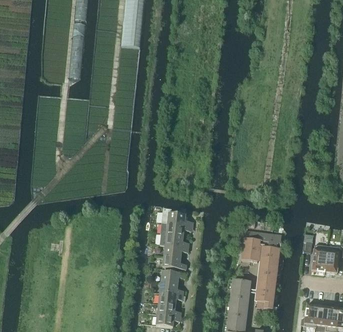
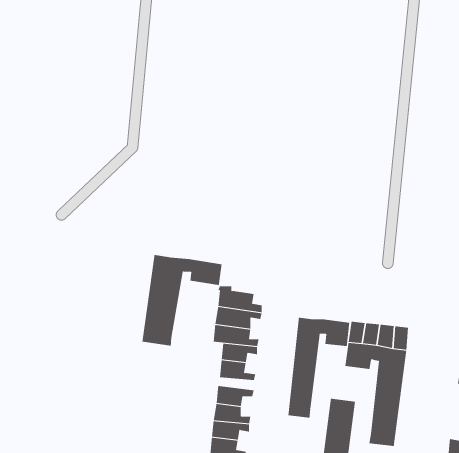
building: none -> [142,254,222,347]
building: none -> [288,317,350,418]

